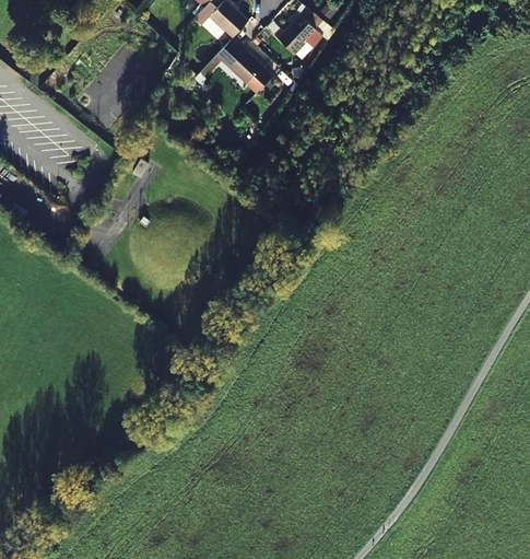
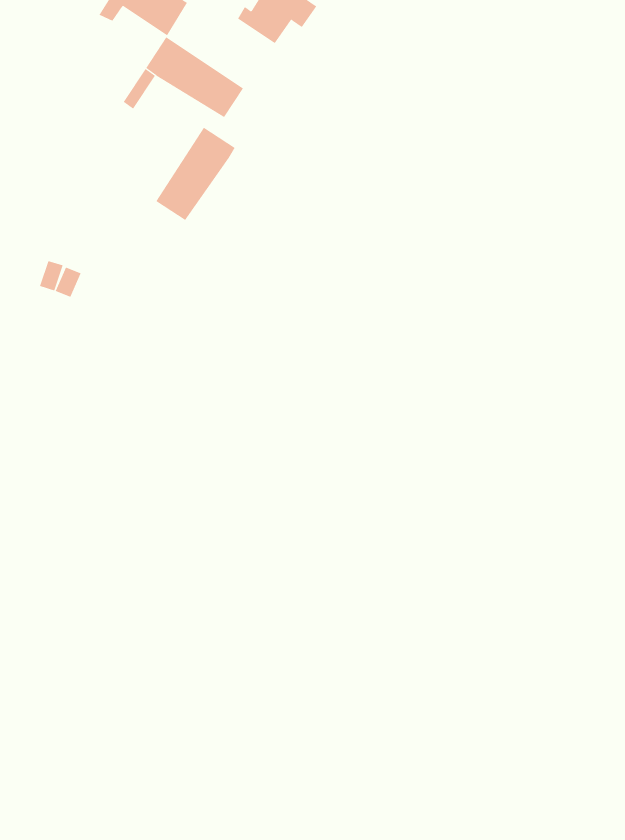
building: none -> [156,127,236,221]

